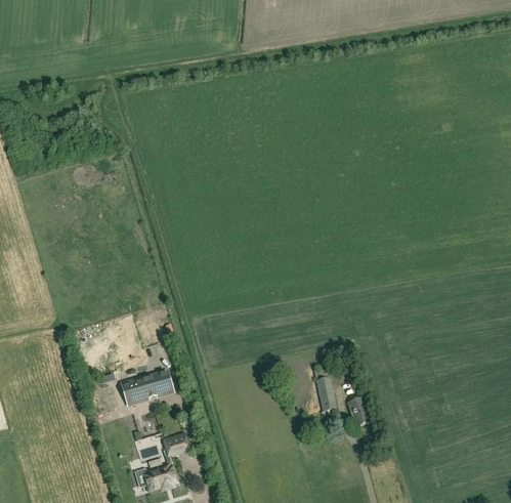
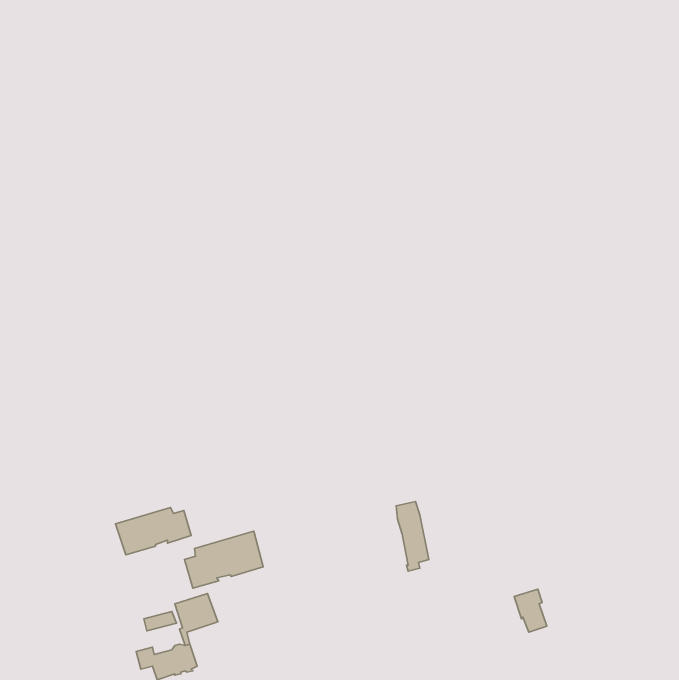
building: none -> [184,531,263,588]
building: [347,395,370,425] -> [514,589,547,632]

